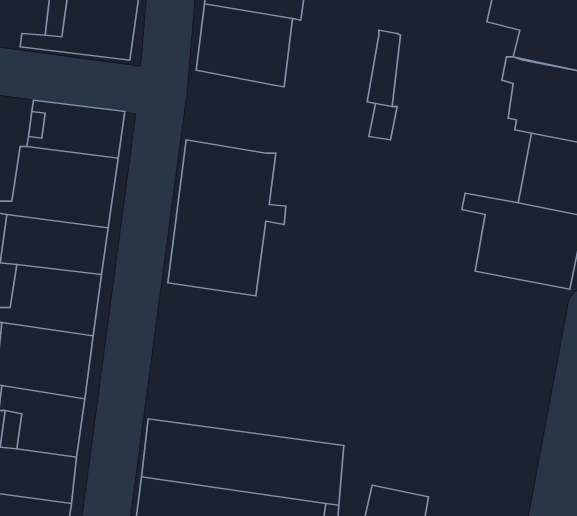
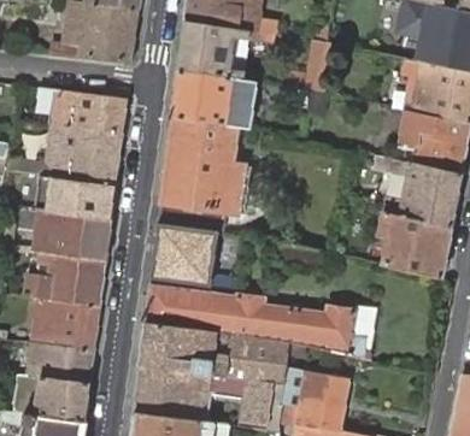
building: none -> [172,67,236,128]
building: none -> [378,213,451,277]
building: none -> [151,222,231,287]
building: none -> [145,284,369,358]

